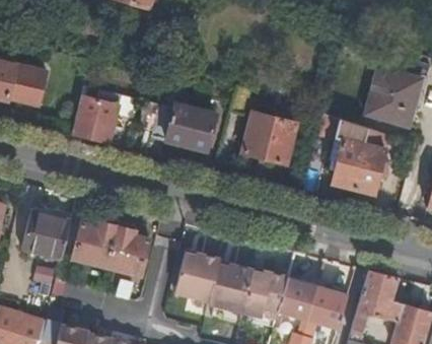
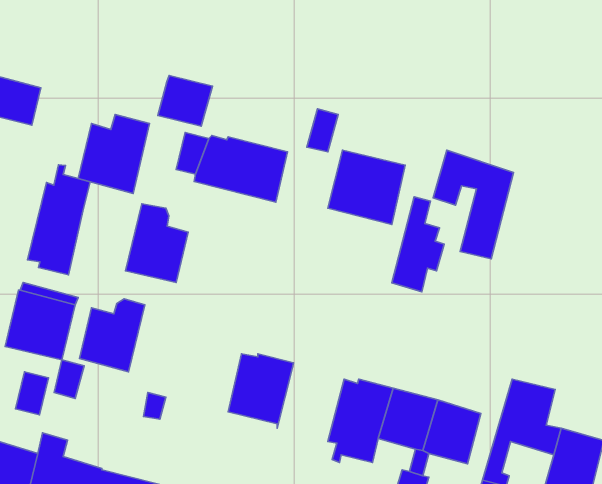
building: none -> [158,75,212,126]
building: [366,67,421,126] -> none
building: none -> [27,165,90,275]
building: [354,129,389,194] -> [392,197,444,292]
building: [106,219,149,273] -> [126,204,188,283]
building: [208,263,255,324] -> none

